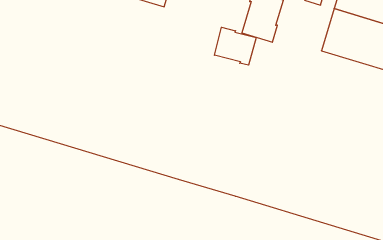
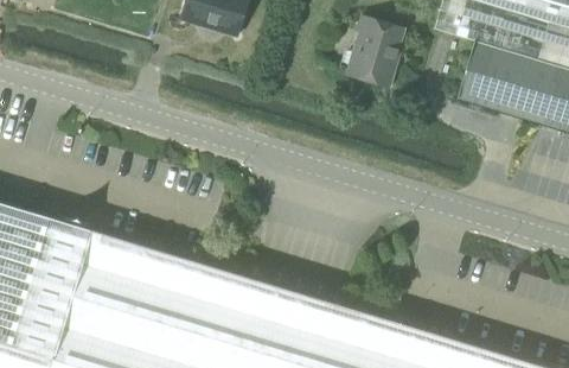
building: [214,27,256,65] -> none

